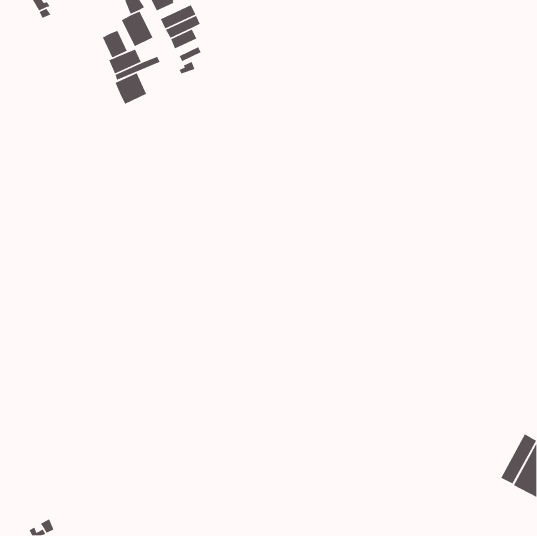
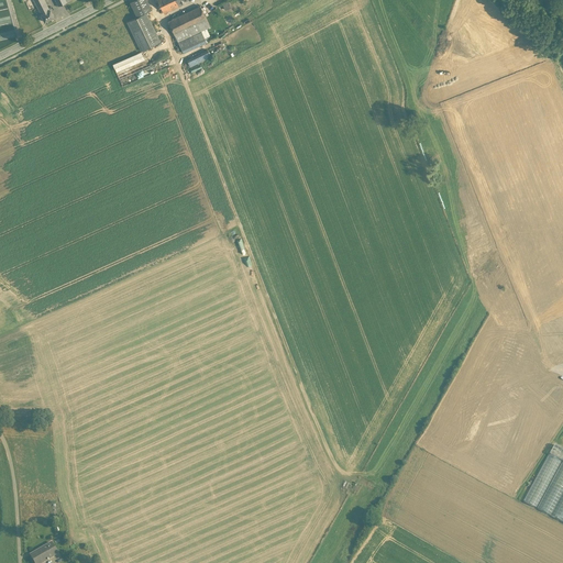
building: [102,30,128,58] -> none
building: [115,72,147,105] -> none

